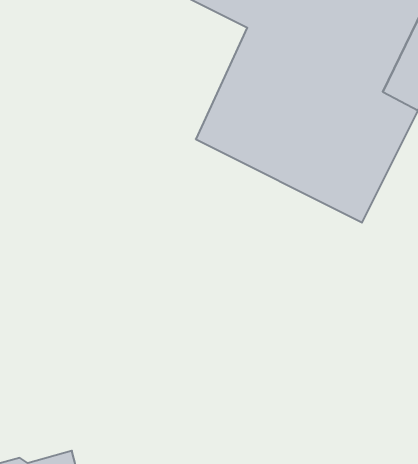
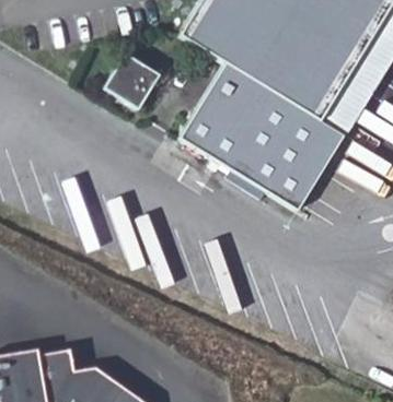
building: none -> [108,52,163,107]

